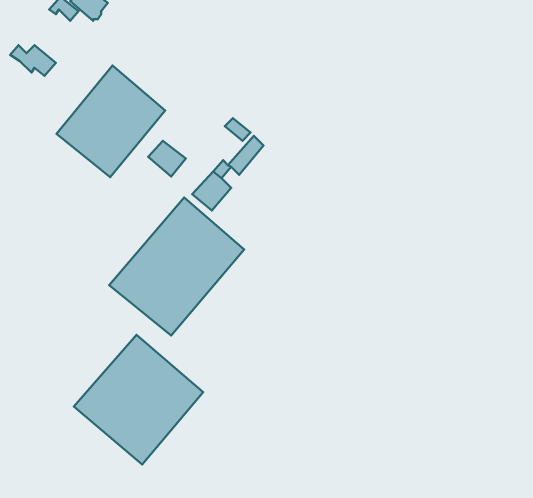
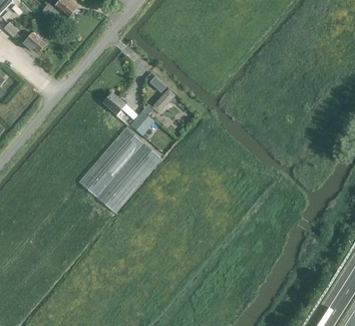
building: [56,66,165,177] -> none
building: [74,335,203,464] -> none

